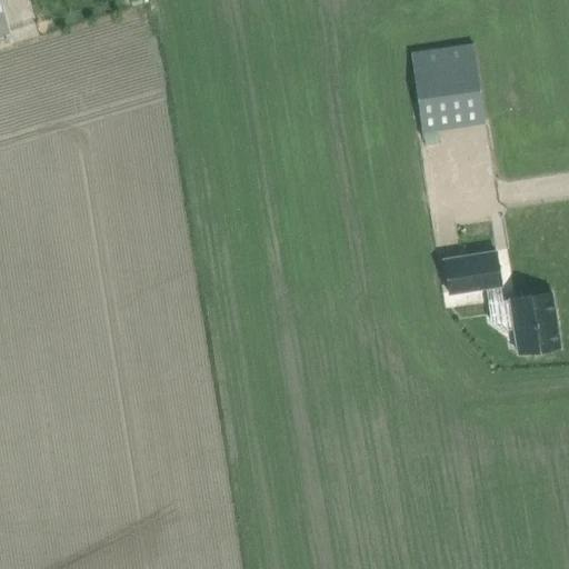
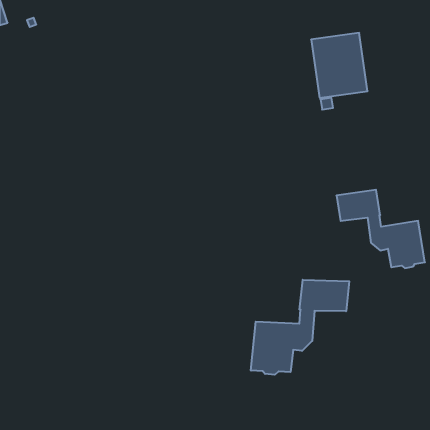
building: none -> [251,280,349,375]

